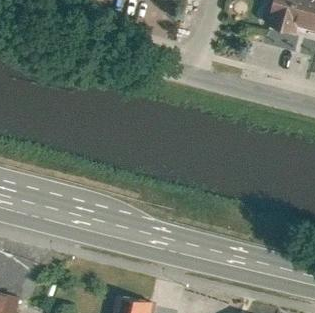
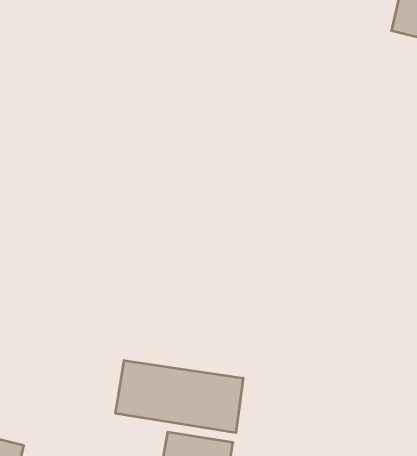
building: none -> [116,360,243,433]

